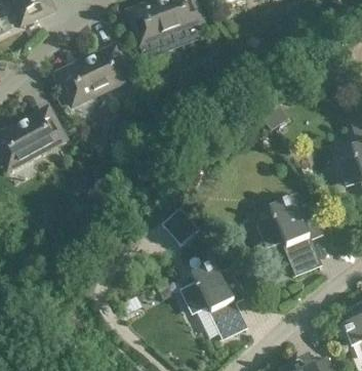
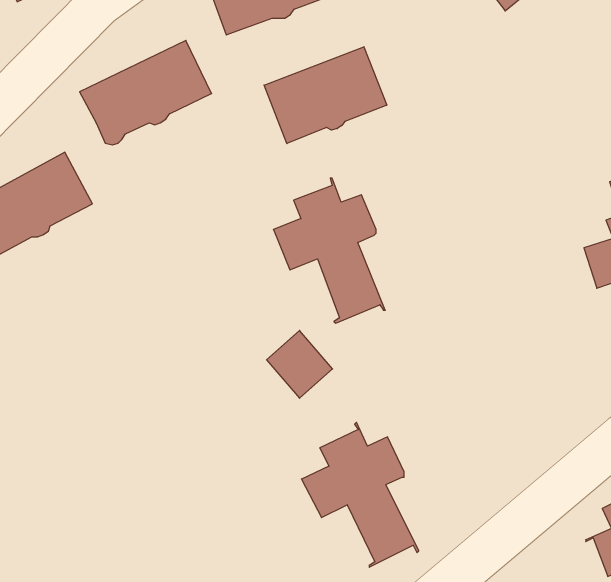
building: none -> [264,47,387,144]
building: [258,196,321,277] -> [273,178,385,323]

